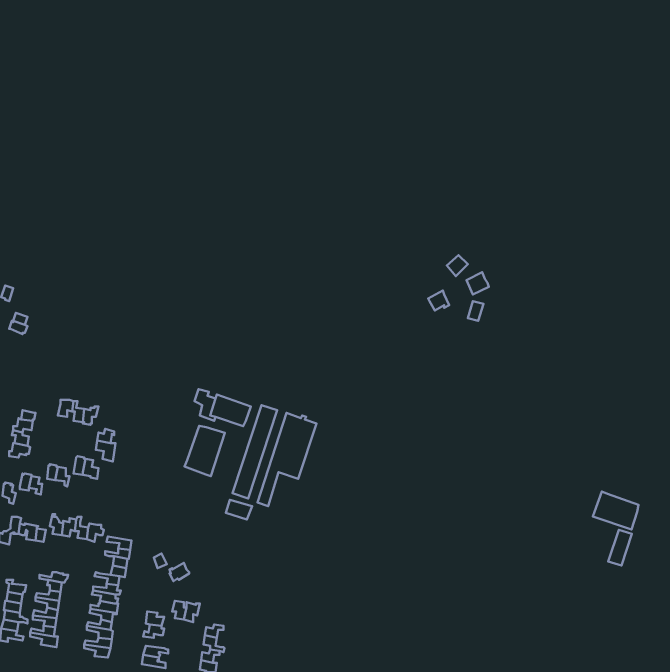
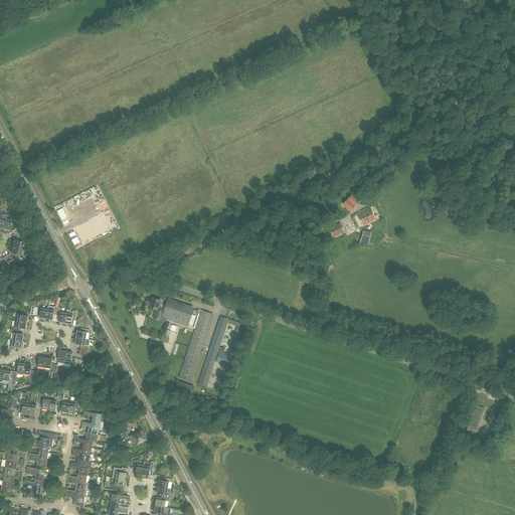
building: [185,426,225,476] -> none
building: [593,491,639,529] -> none

